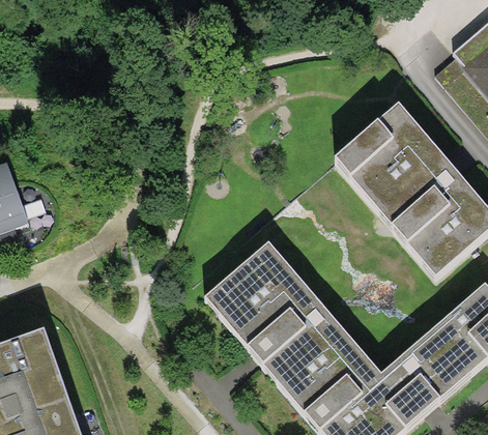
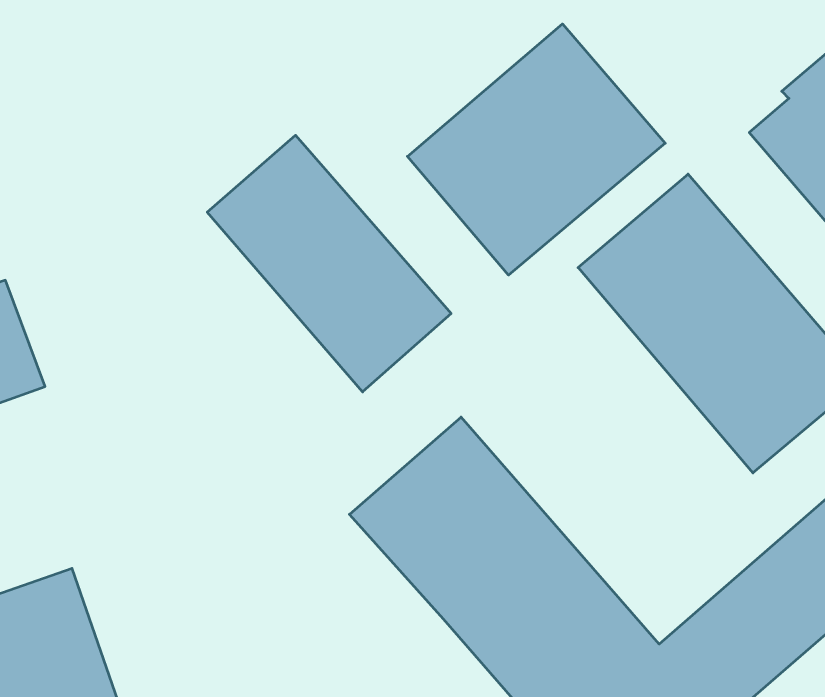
building: none -> [407,24,665,275]
building: none -> [207,135,451,392]

